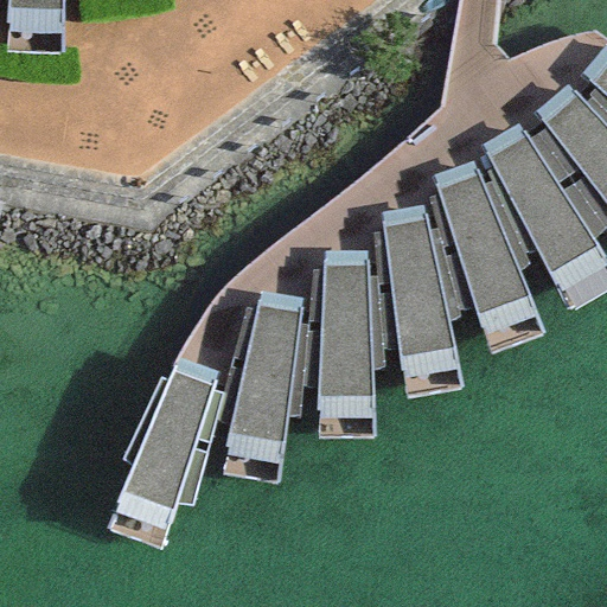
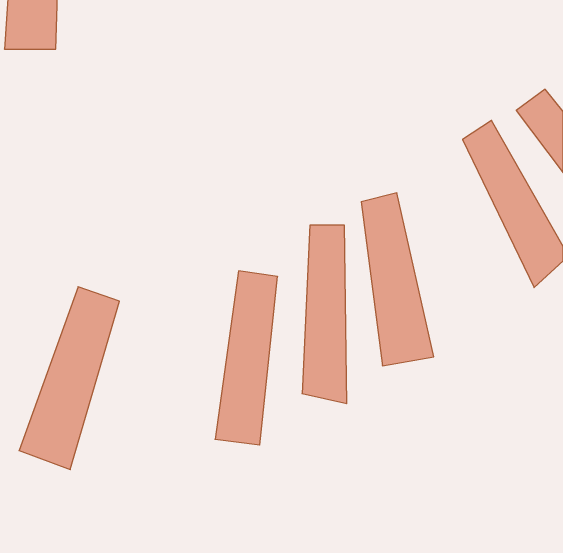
building: [439,155,541,340] -> none
building: [109,347,216,542] -> [19,287,119,470]

